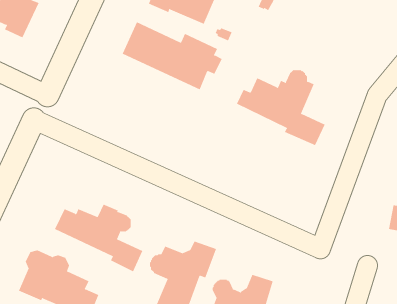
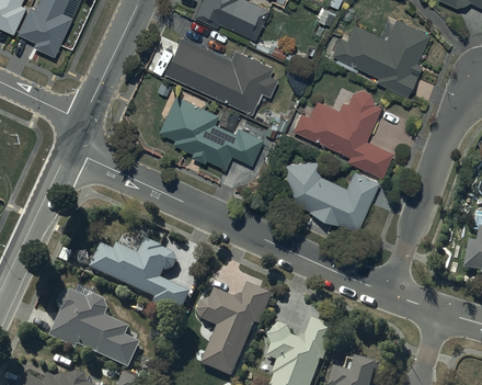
building: none -> [331,18,431,95]
building: none -> [159,94,264,168]
building: none -> [282,157,377,228]

